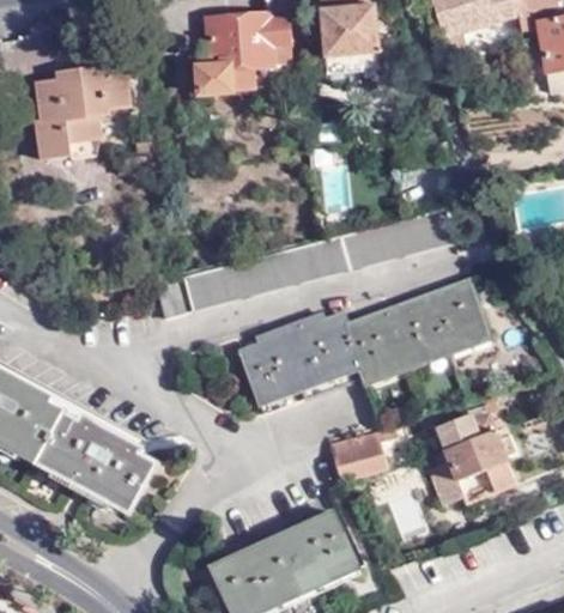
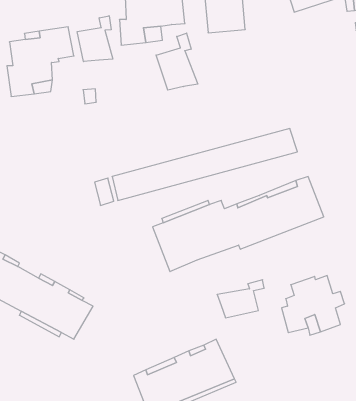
building: none -> [77,16,113,62]
building: none -> [156,33,198,90]

